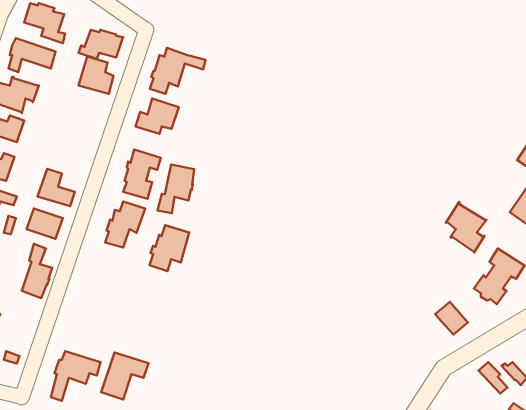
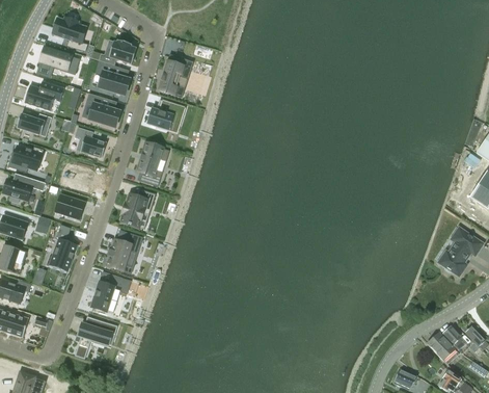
building: none -> [82,94,119,128]
building: none -> [75,128,106,158]
building: [157,165,194,213] -> none
building: [446,202,486,253] -> none
building: [149,225,189,271] -> [107,232,141,271]
building: [435,302,468,335] -> [427,333,455,361]
building: [101,352,148,400] -> [90,271,131,312]

